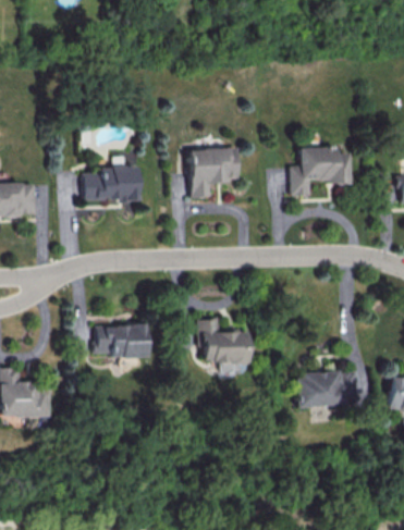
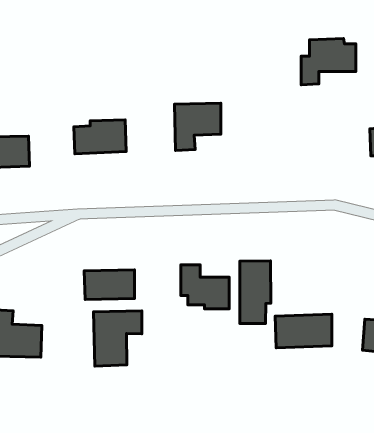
building: [292,147,350,196] -> [301,39,356,85]
building: none -> [240,261,271,323]
building: none -> [94,311,142,366]

